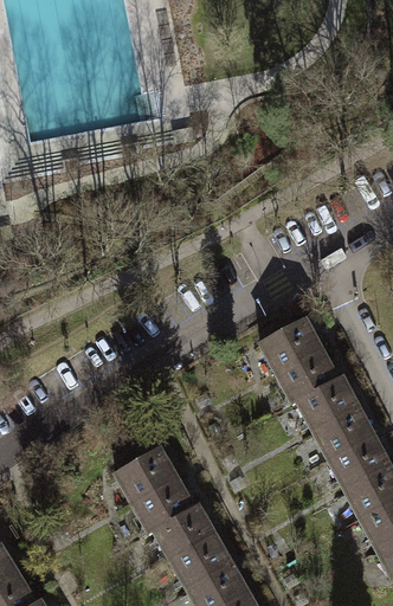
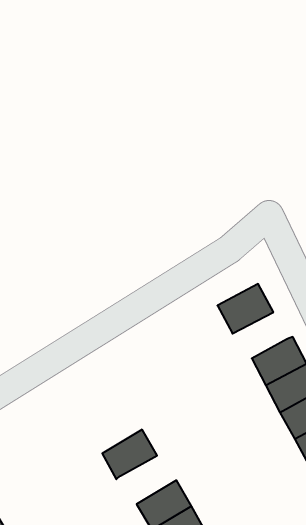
building: [277,349,337,402] -> none
building: [116,447,178,504] -> none
building: [154,504,215,560] -> none

